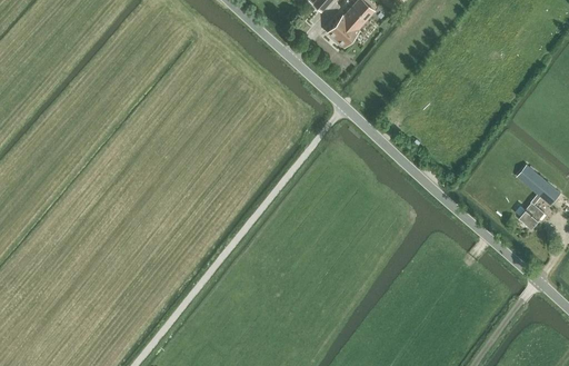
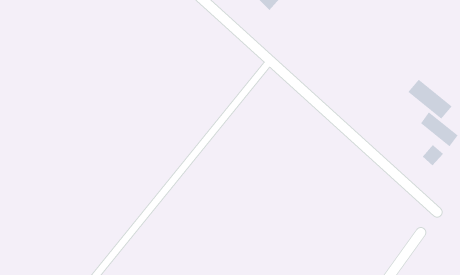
building: none -> [407,79,453,119]

